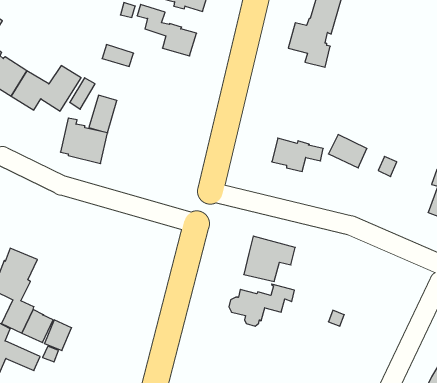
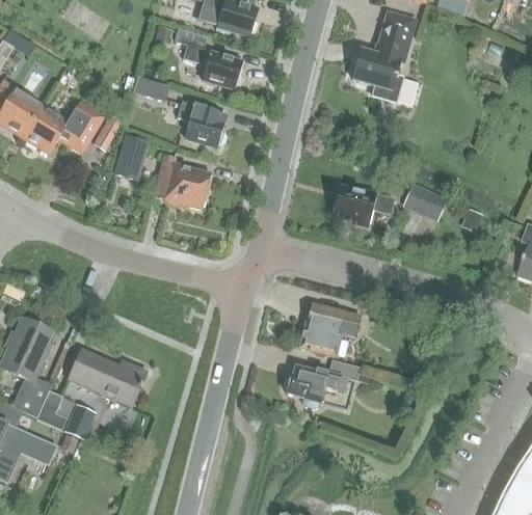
building: none -> [178,101,225,146]
building: [60,118,108,164] -> [155,155,211,209]
building: none -> [69,348,148,407]

